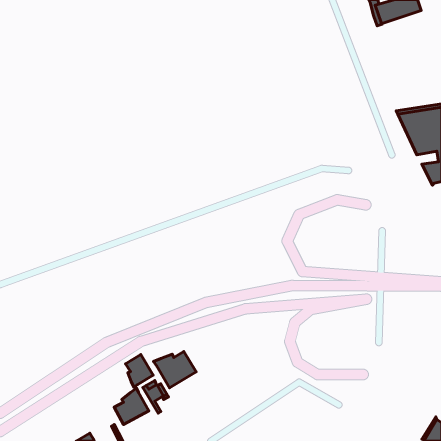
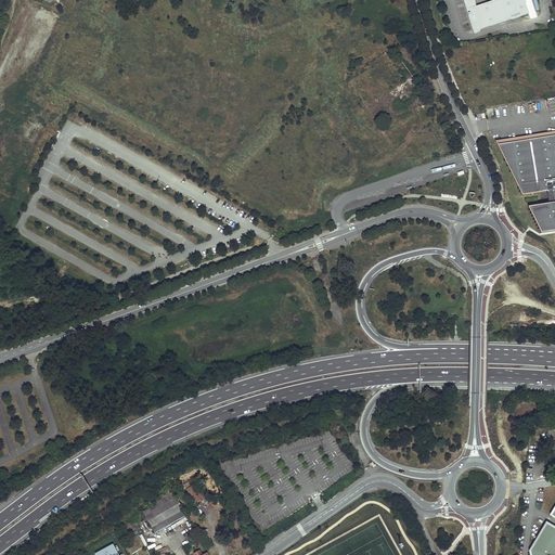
building: [153,351,196,388] -> none
building: [126,355,153,387] -> none

